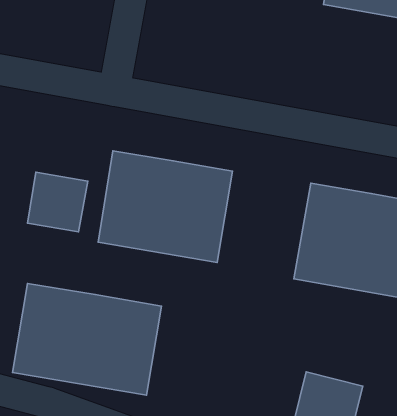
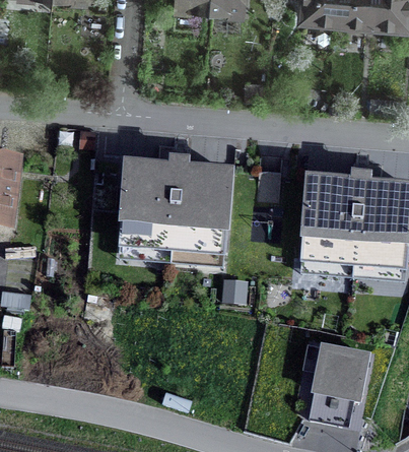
building: [28,172,88,232] -> none
building: [13,284,162,395] -> none

